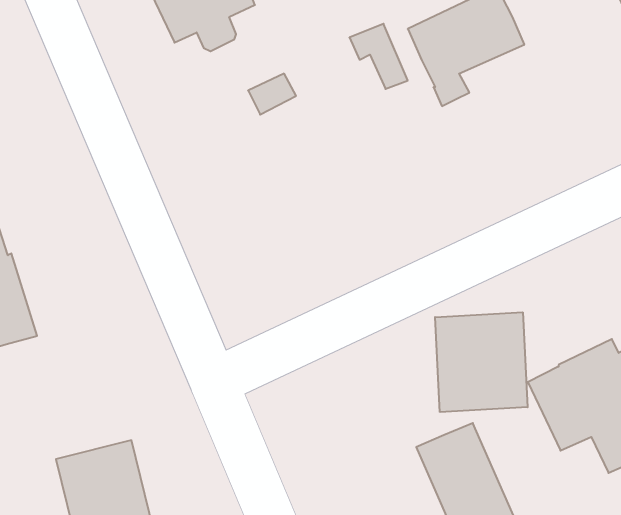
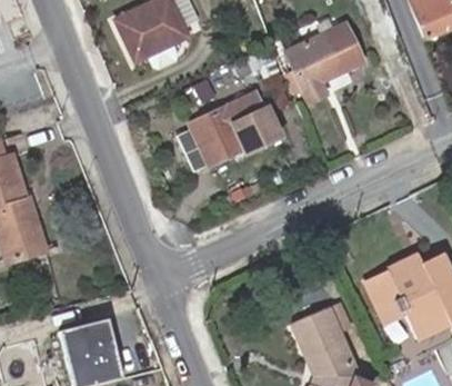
building: none -> [175,92,281,171]
building: [435,312,528,412] -> none

